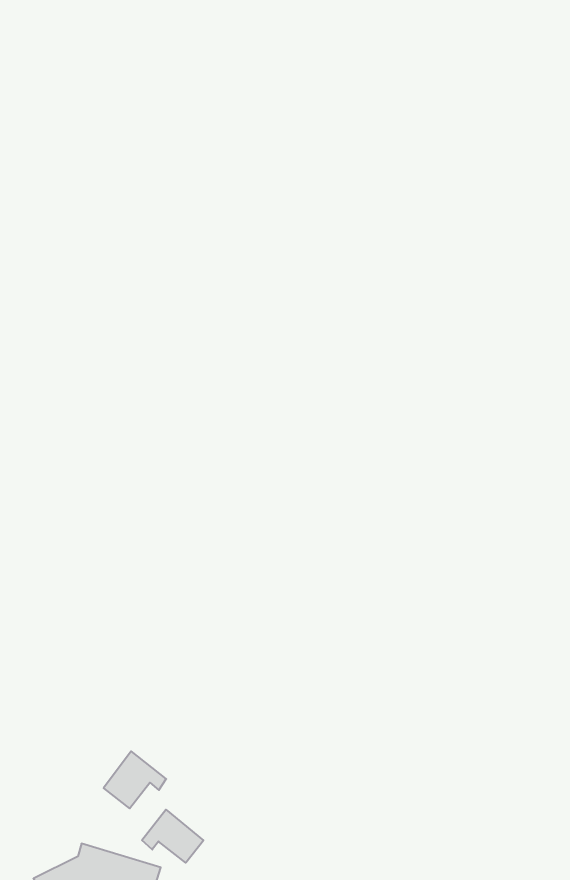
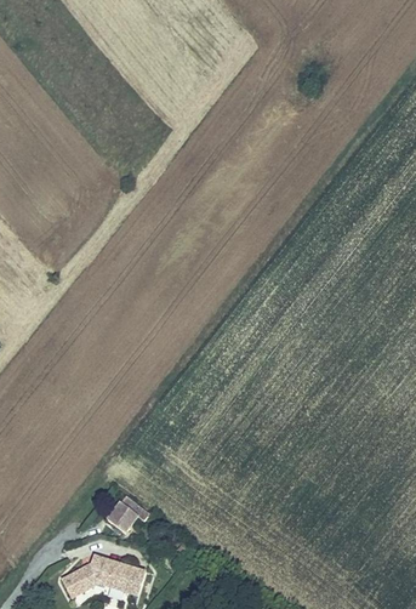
building: [142,810,203,863] -> none

